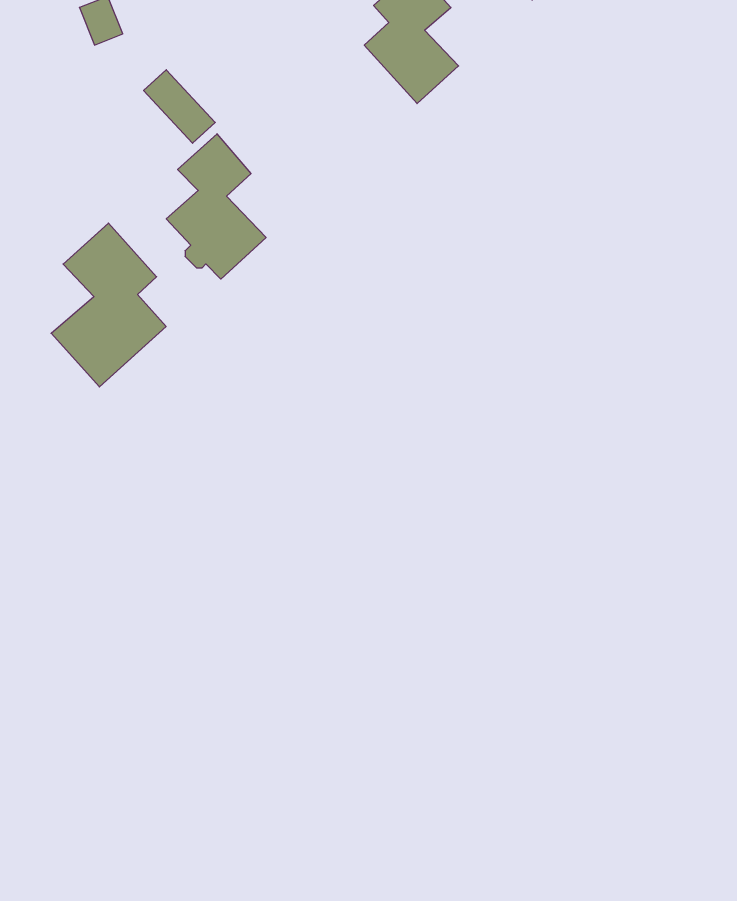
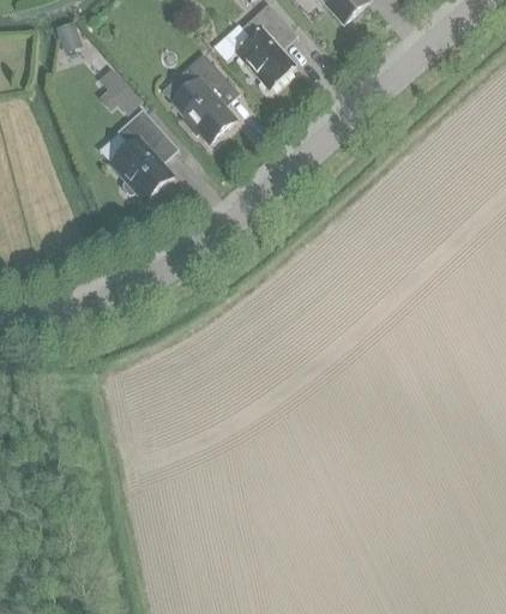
building: none -> [173,52,236,143]
building: [51,223,166,387] -> none

